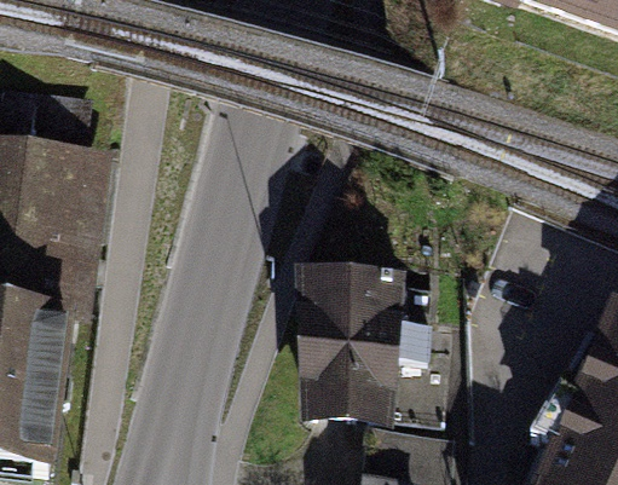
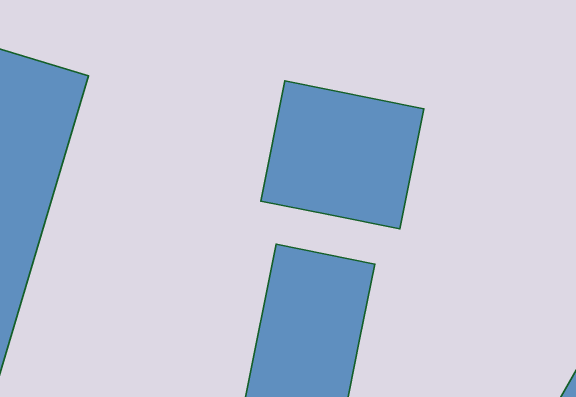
building: none -> [261,81,424,229]

